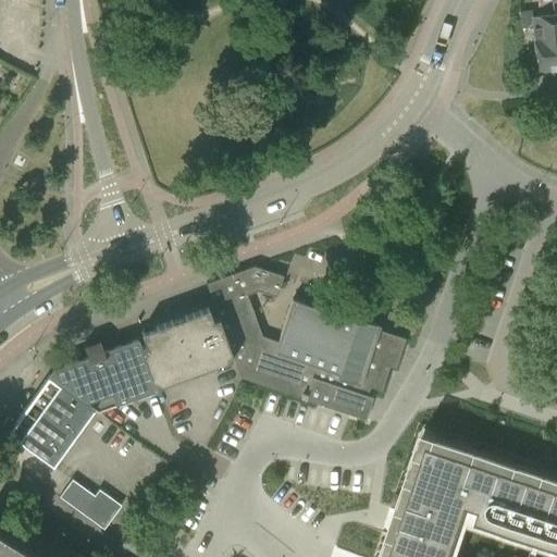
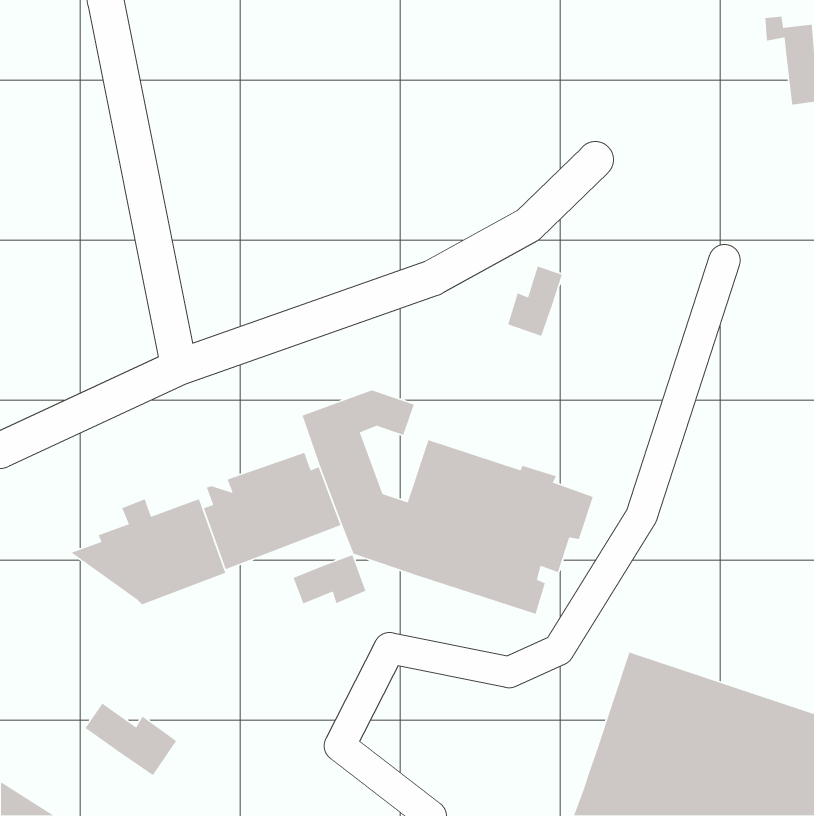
building: none -> [507,266,563,337]
building: [8,376,95,466] -> none
building: none -> [293,554,367,605]

